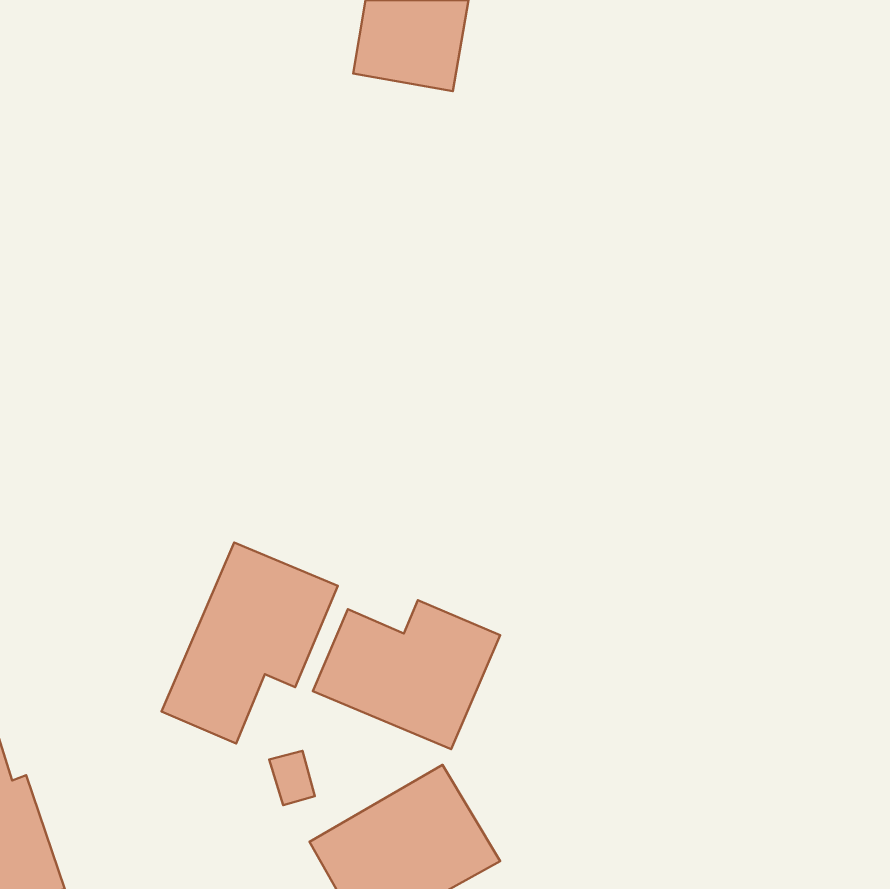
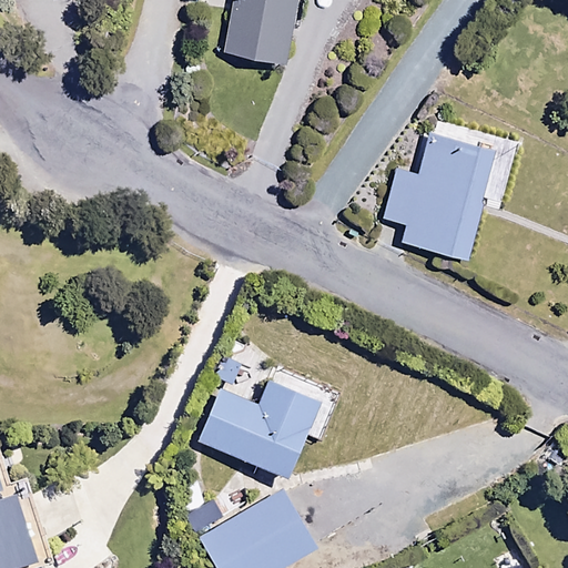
building: none -> [382,134,495,258]
building: [161,543,338,743] -> none

